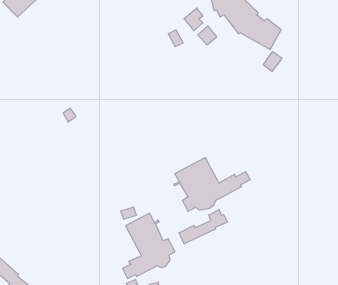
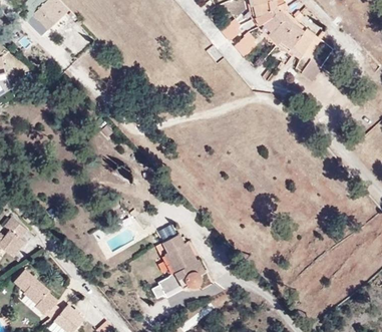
building: [174,158,250,211] -> none
building: [179,210,227,244] -> none

